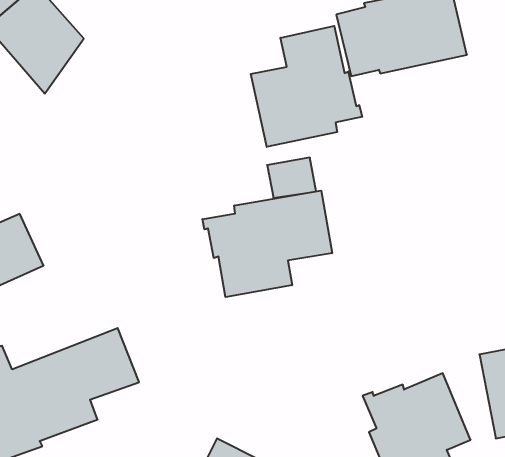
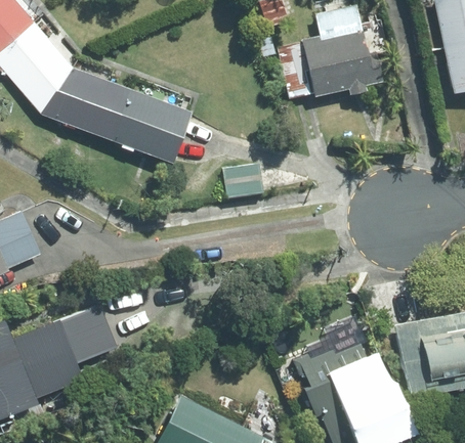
building: [251,26,362,147] -> none
building: none -> [41,68,192,161]
building: [202,191,332,297] -> none

